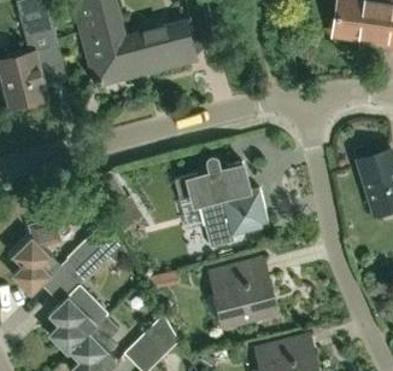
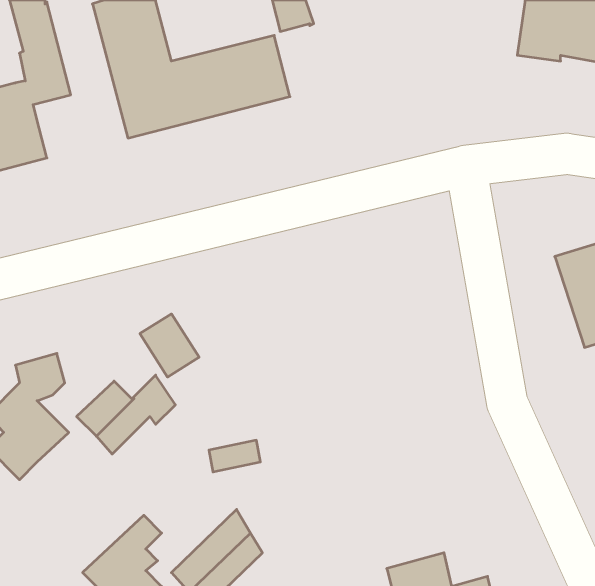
building: [175,156,268,249] -> none
building: [207,265,278,326] -> none
building: [47,285,106,355] -> none

